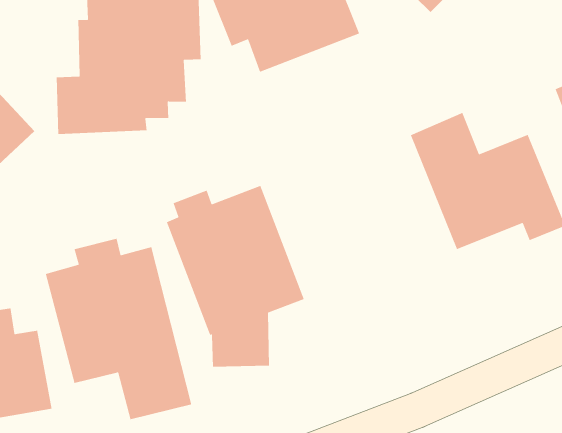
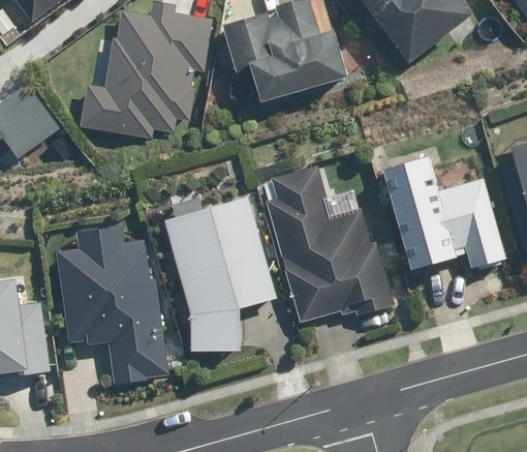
building: none -> [259,165,396,325]

